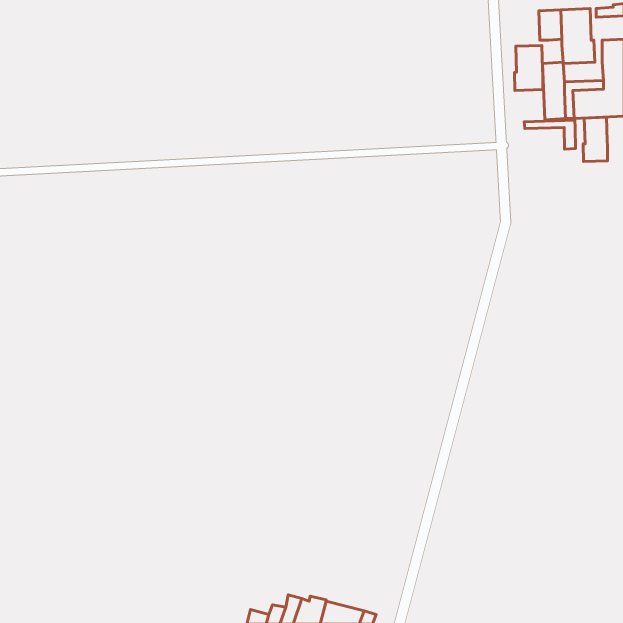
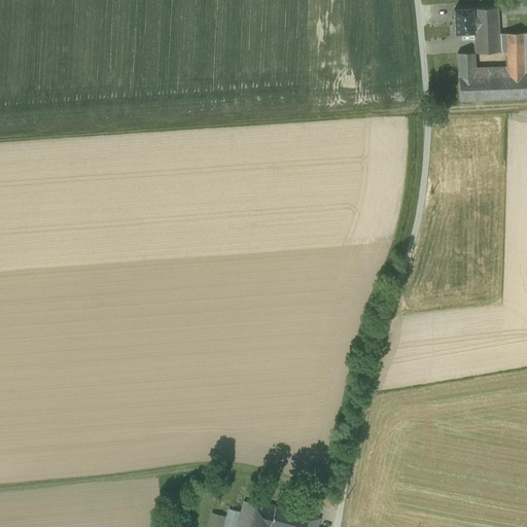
building: [514,45,543,90] -> none
building: [583,117,608,162] -> none
building: [524,120,575,149] -> none

